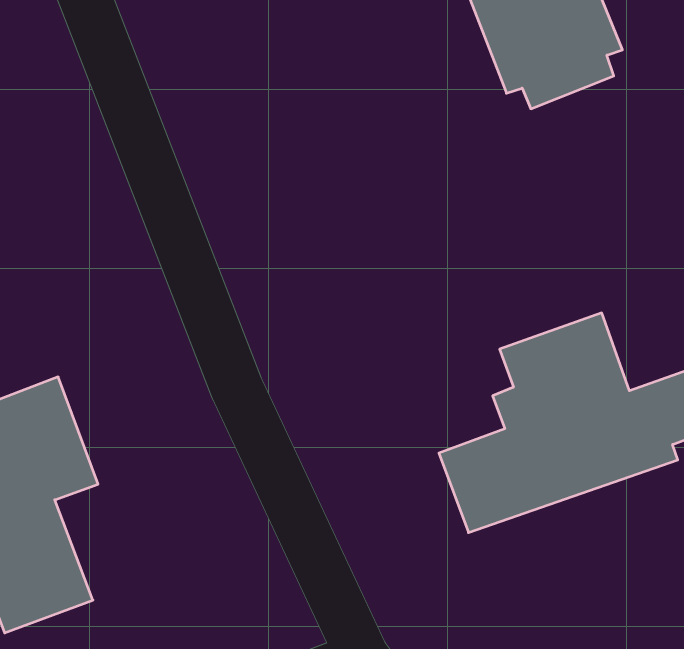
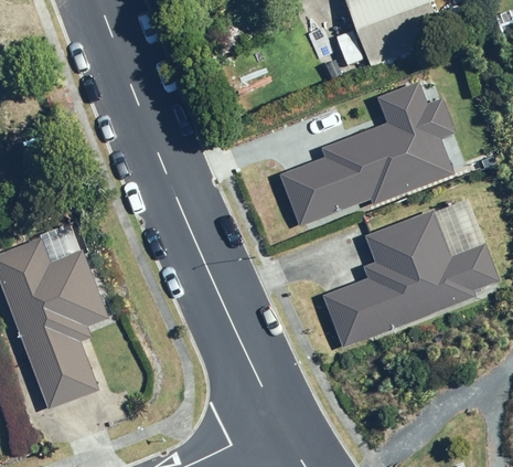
building: none -> [276,74,461,227]

